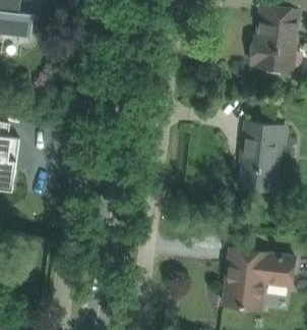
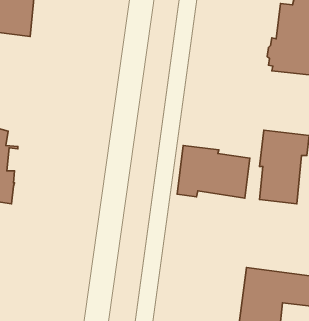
building: none -> [177,146,250,198]

